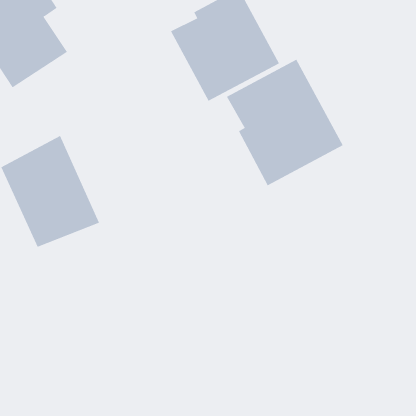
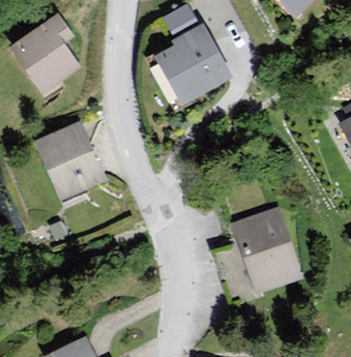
building: [226,59,344,186] -> none
building: none -> [233,208,302,294]

